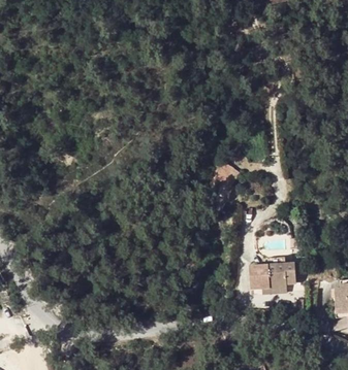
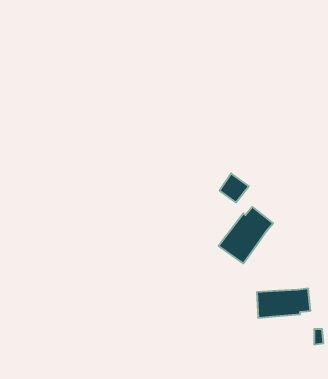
building: none -> [219,207,273,263]

